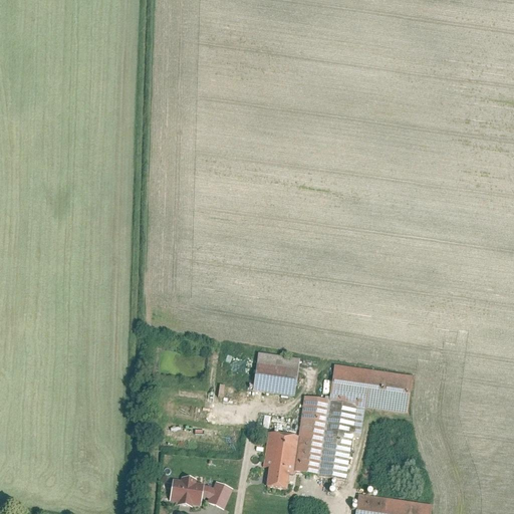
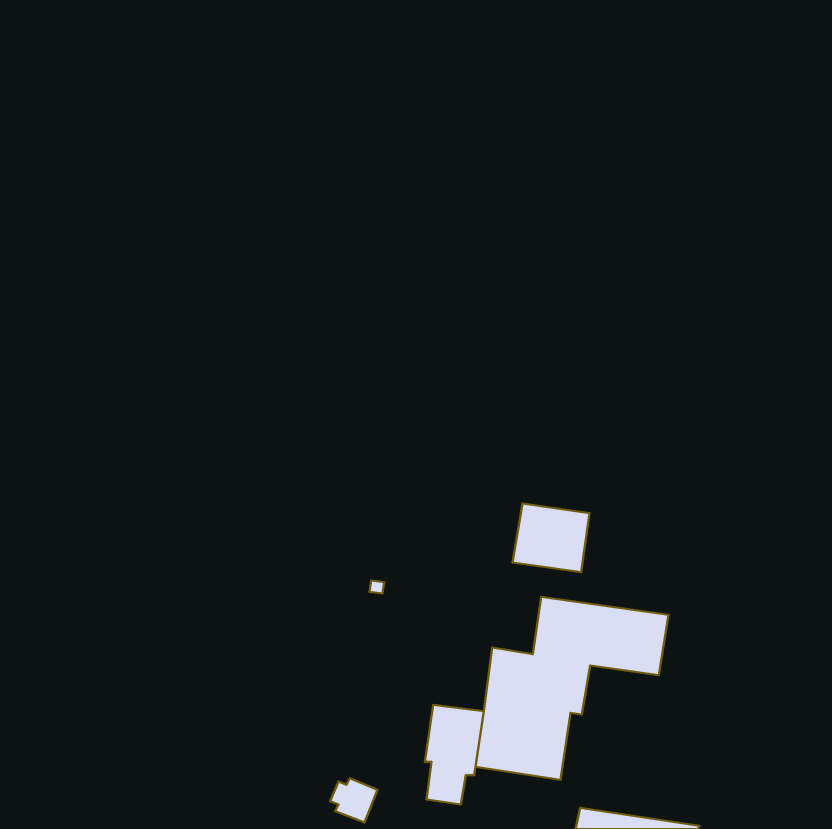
building: [252,355,299,398] -> [513,504,589,572]
building: [171,472,206,503] -> none

